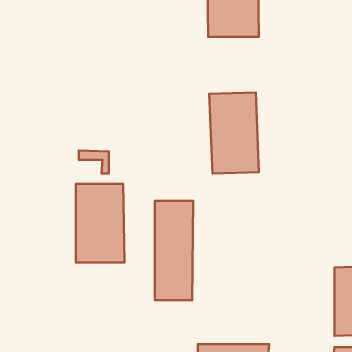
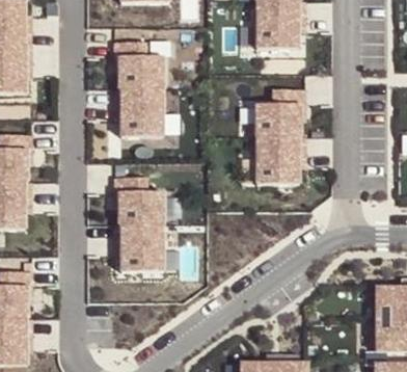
building: none -> [114,54,165,135]
building: [155,201,193,300] -> none

